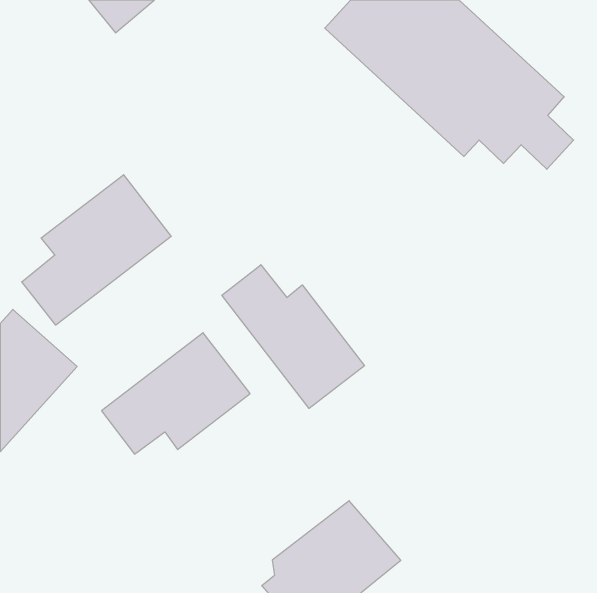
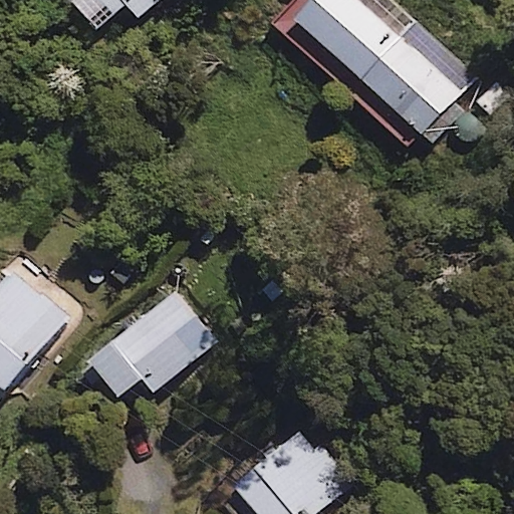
building: [22,175,171,325] -> none
building: [222,265,364,408] -> none

